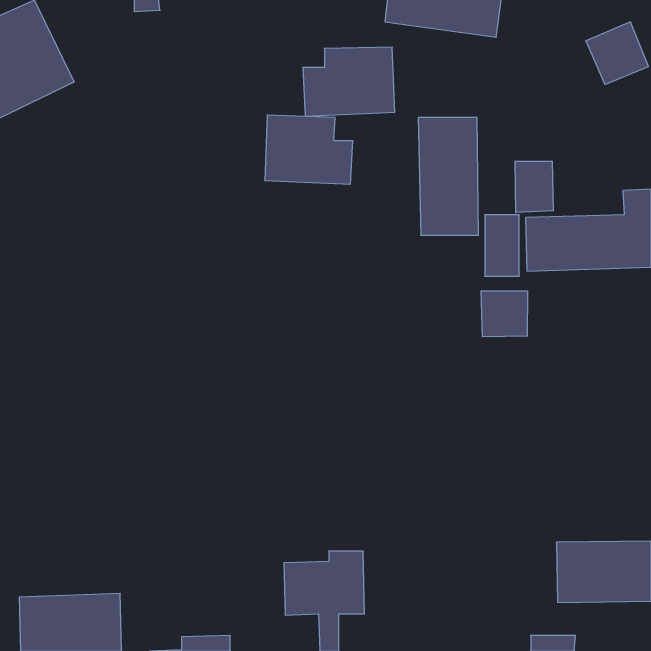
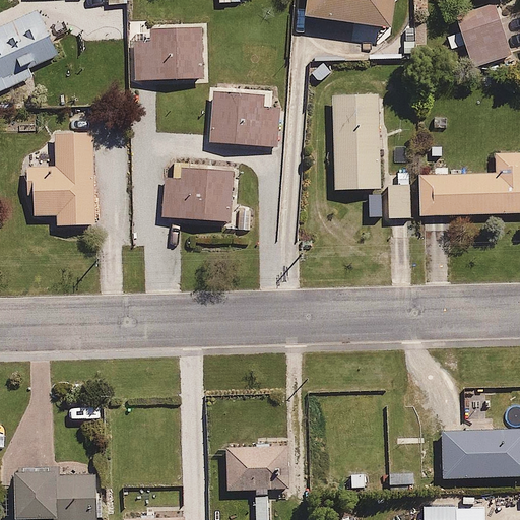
building: [303,47,395,116] -> [130,26,203,81]
building: [515,161,553,213] -> none
building: none -> [26,134,98,228]
building: none -> [162,169,234,217]
building: [481,291,527,337] -> none

